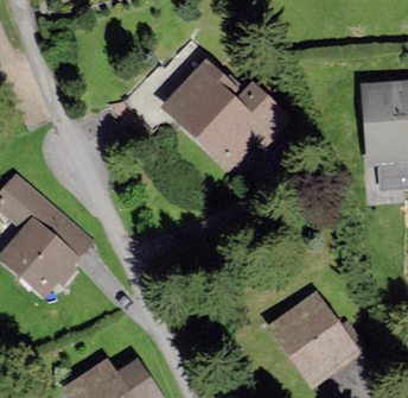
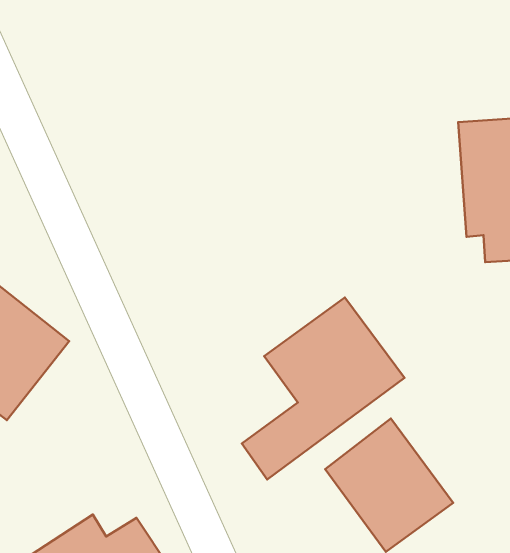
building: [162,57,287,160] -> none
building: none -> [242,298,404,479]

